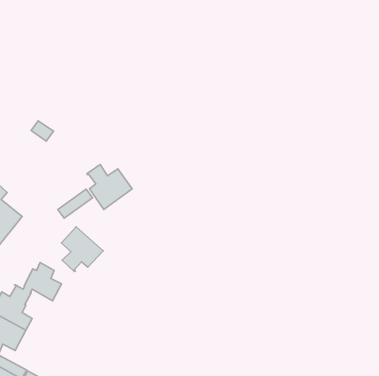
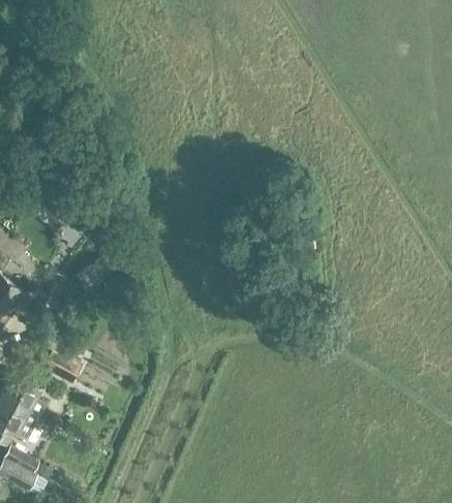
building: [87,165,132,210] -> none
building: [62,227,103,271] -> none

